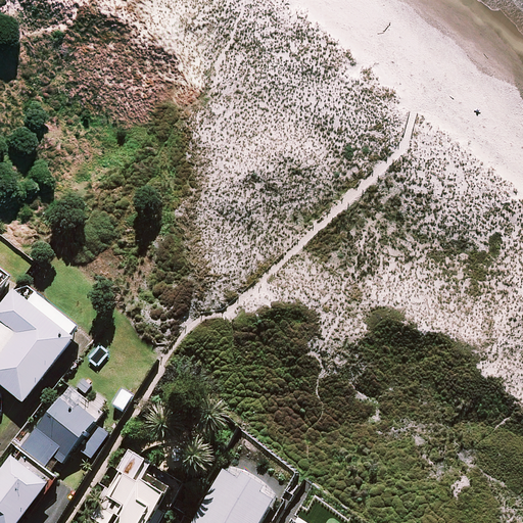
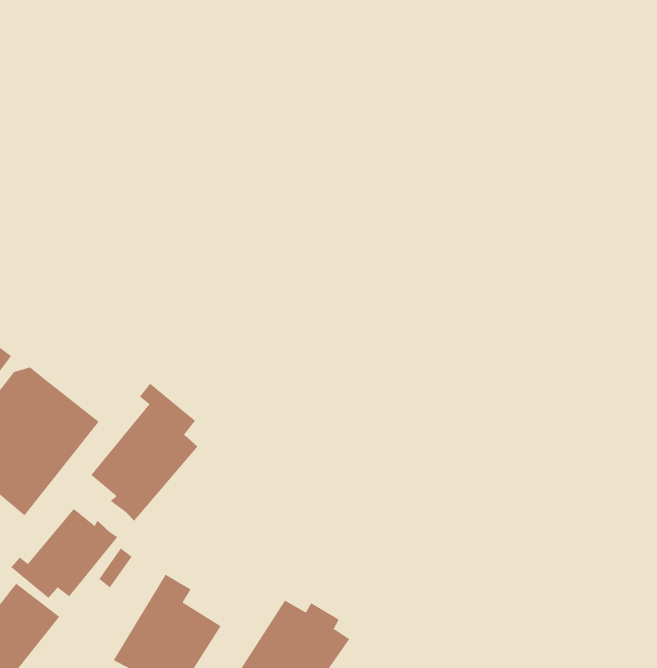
building: none -> [91,383,198,522]

